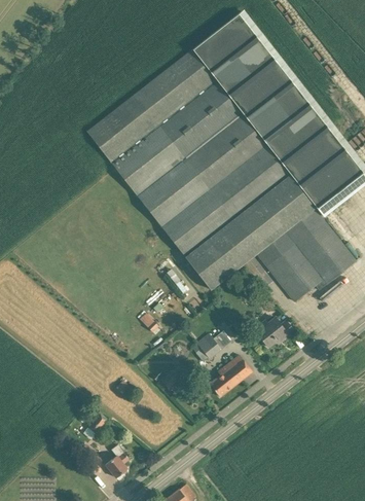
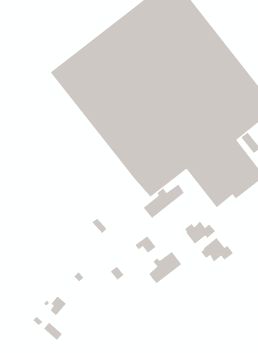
building: none -> [143,184,185,219]
building: none -> [201,237,234,263]
building: [105,445,130,478] -> none

